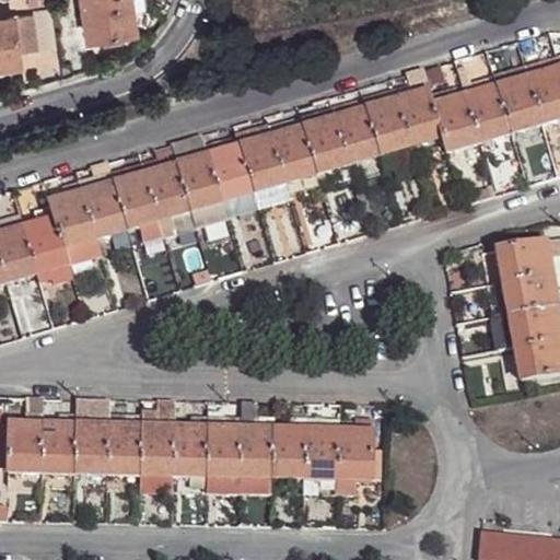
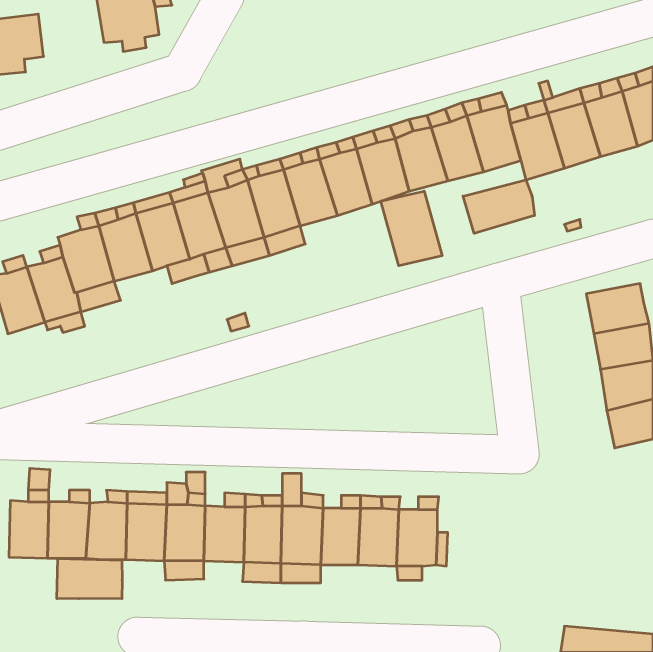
building: none -> [463,180,534,233]
building: none -> [381,191,442,266]
building: none -> [57,558,122,599]

